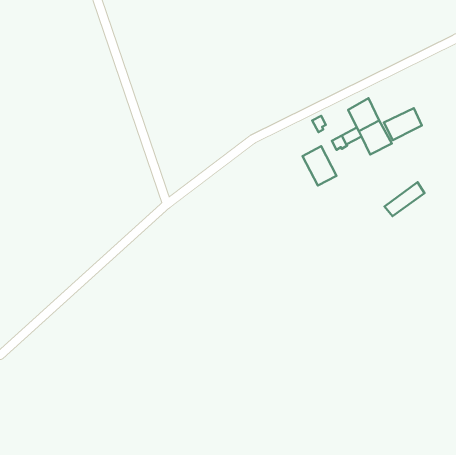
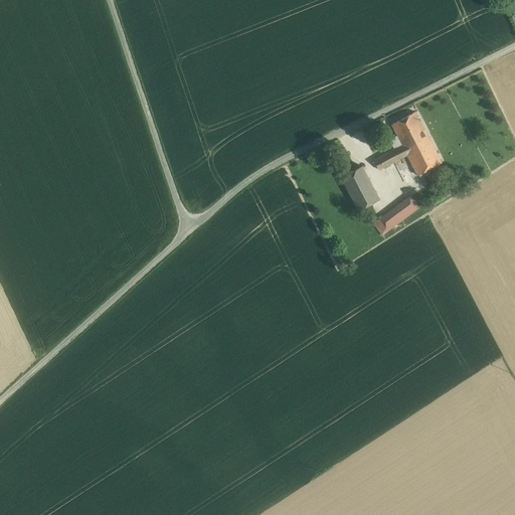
building: [384,108,422,140] -> none
building: [384,182,425,216] -> [373,195,418,233]

